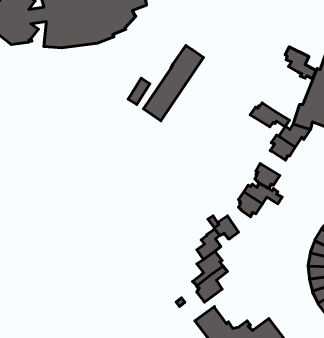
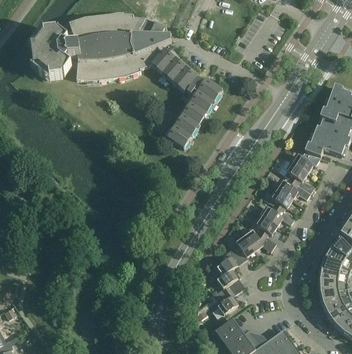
building: none -> [150,48,199,96]
building: [285,47,316,79] -> none
building: [250,103,289,127] -> [274,176,310,198]
building: none -> [242,227,275,250]

